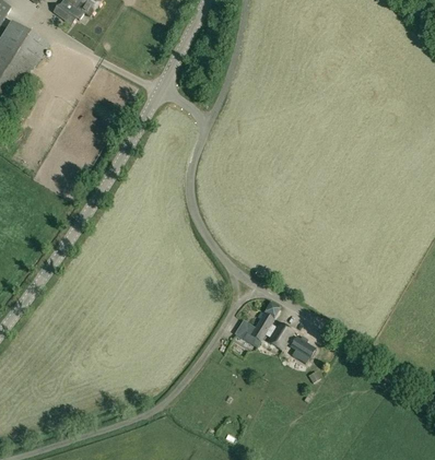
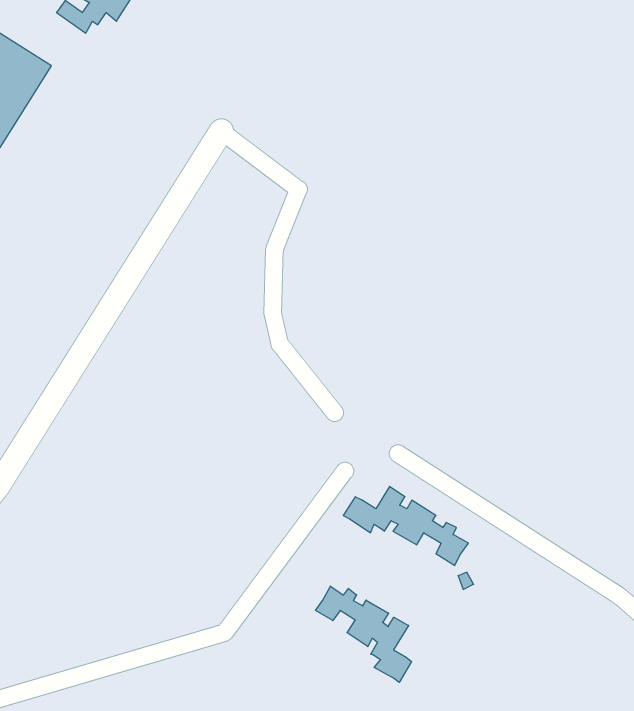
building: none -> [315,586,412,682]

